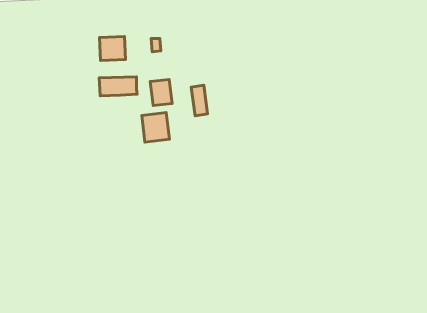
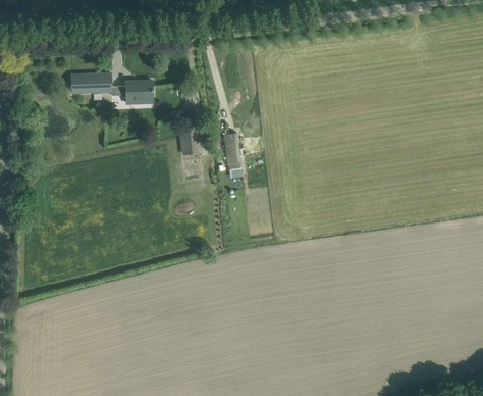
building: [99,77,137,96] -> [70,72,111,93]
building: [142,112,169,142] -> none

